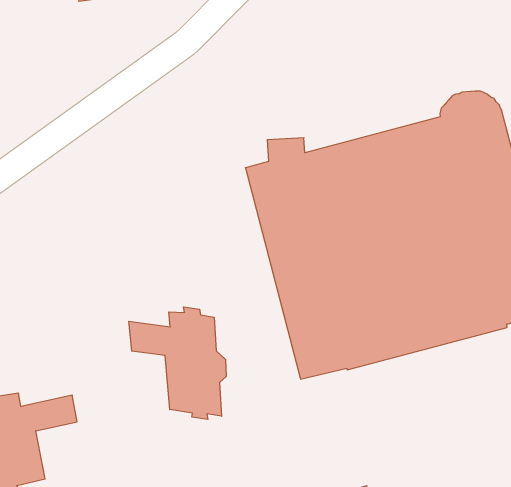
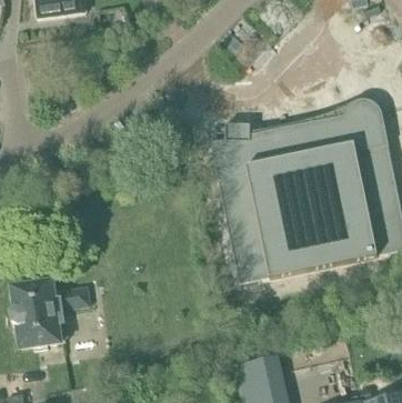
building: [129,307,226,419] -> none

